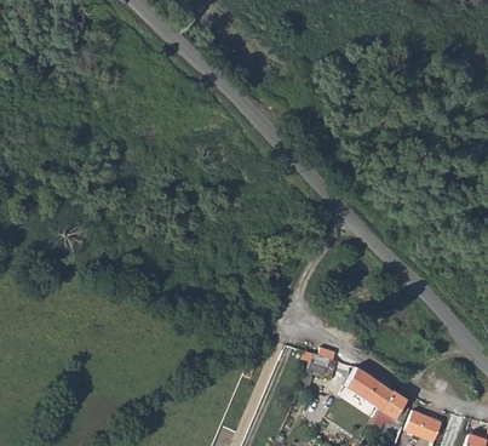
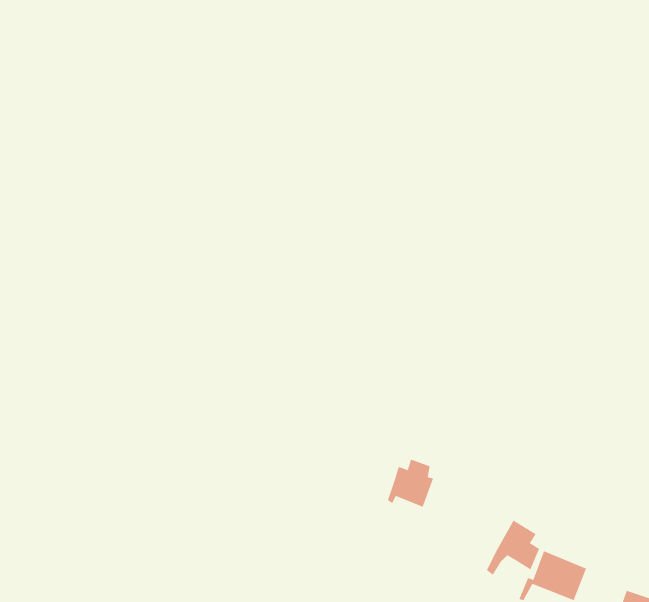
building: [345,365,390,407] -> none

